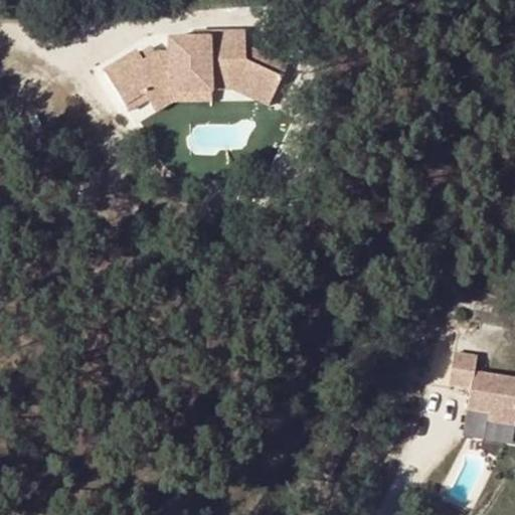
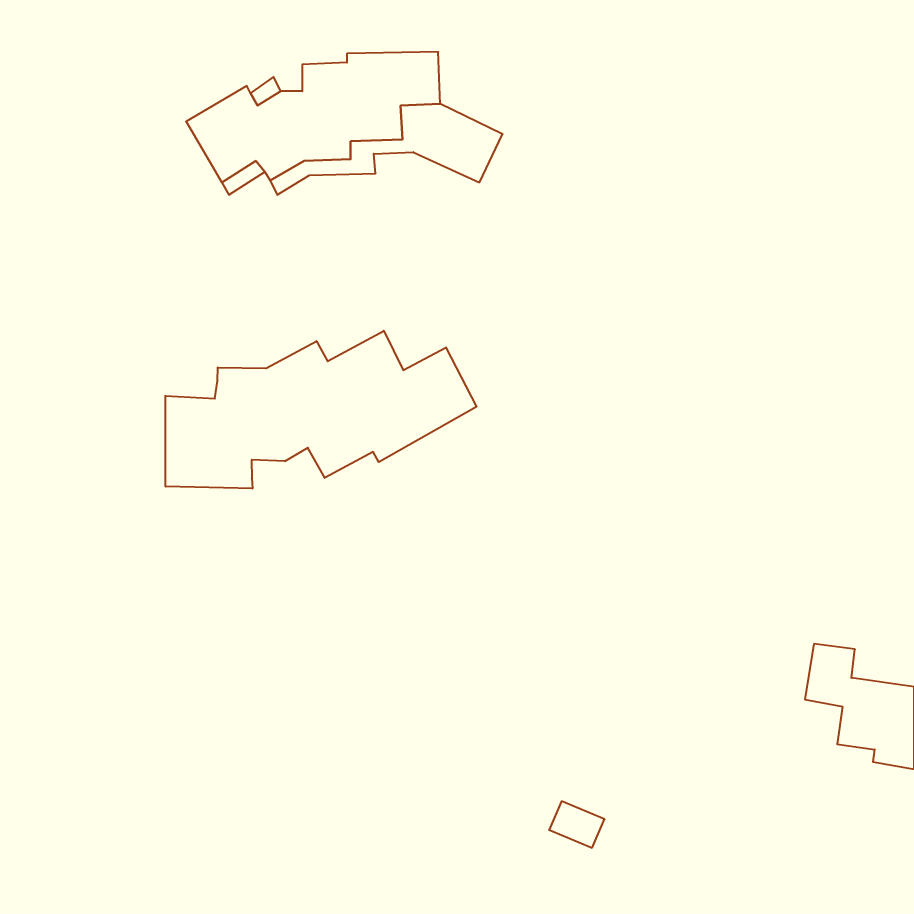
building: none -> [165,331,477,489]

